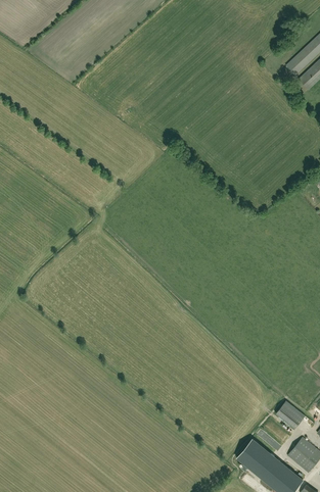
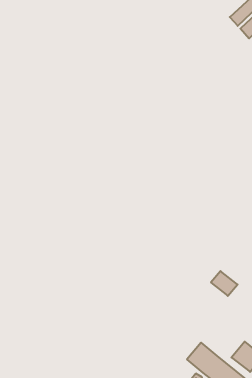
building: [275,401,306,430] -> [211,271,238,296]

